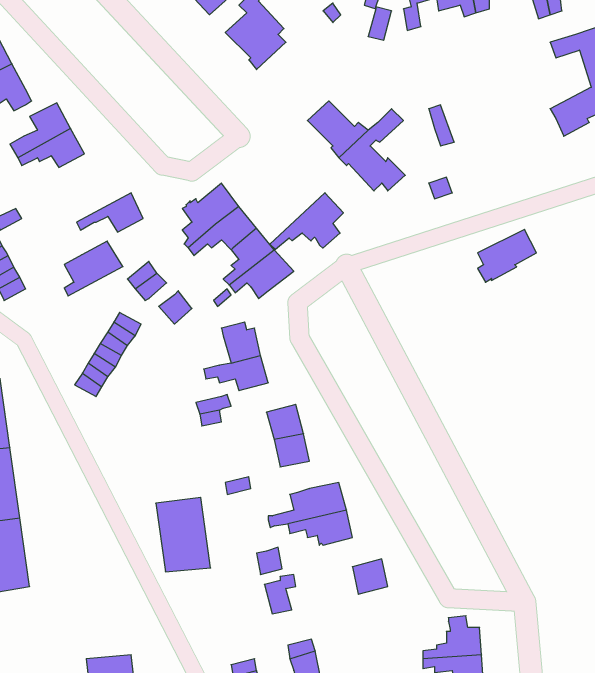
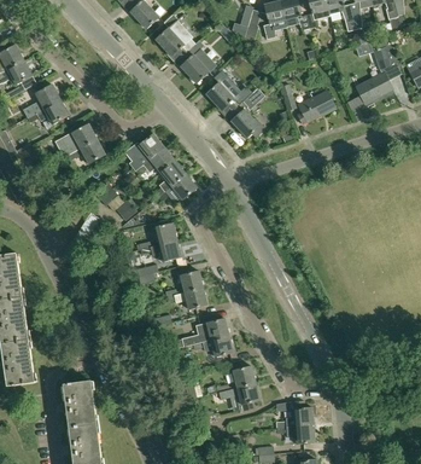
building: none -> [174,41,215,83]
building: [270,193,343,249] -> none
building: [478,229,536,282] -> [297,91,333,123]
building: [64,241,123,296] -> [60,123,97,157]
building: [156,497,211,572] -> [63,381,97,427]
building: none -> [218,382,259,410]

